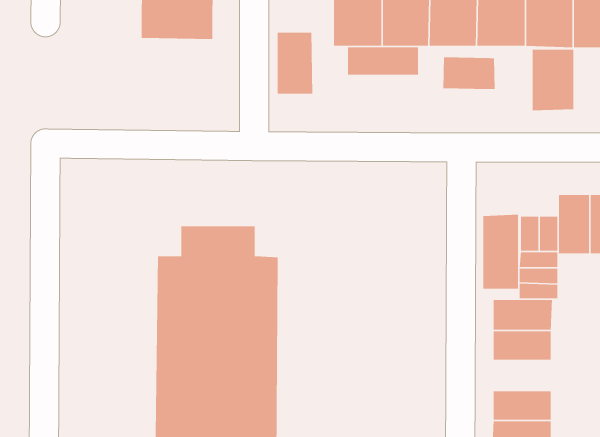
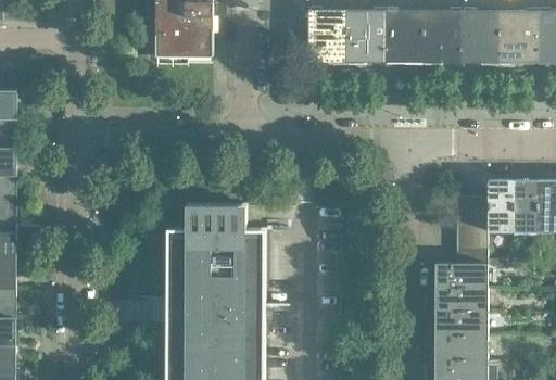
building: [277,32,313,94] -> none
building: [347,47,419,76] -> none
building: [532,49,574,111] -> none
building: [443,56,495,90] -> none
building: [482,214,519,290] -> none
building: none -> [435,313,482,337]

